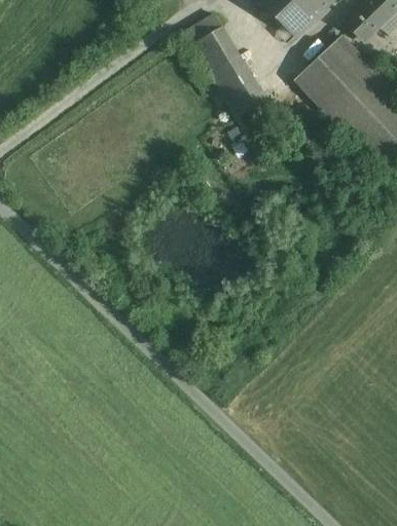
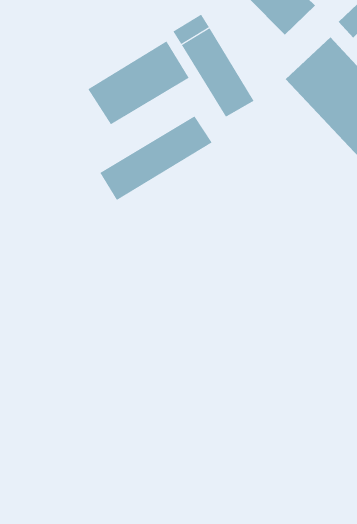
building: none -> [87,40,189,125]
building: none -> [100,115,212,201]

